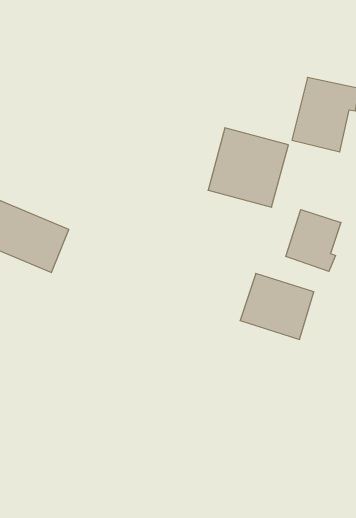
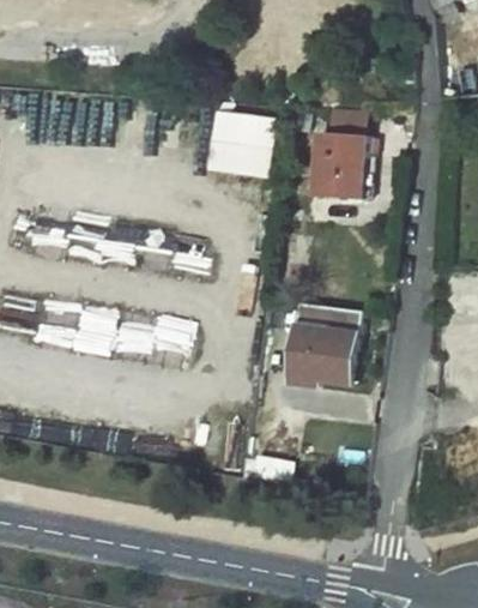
building: [208,128,288,207] -> [206,107,274,174]
building: [286,210,341,271] -> none

